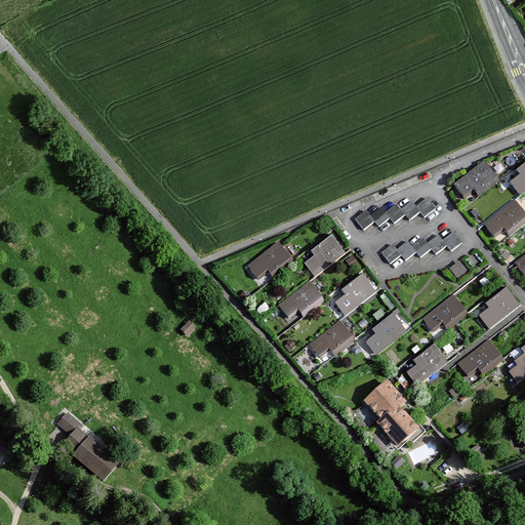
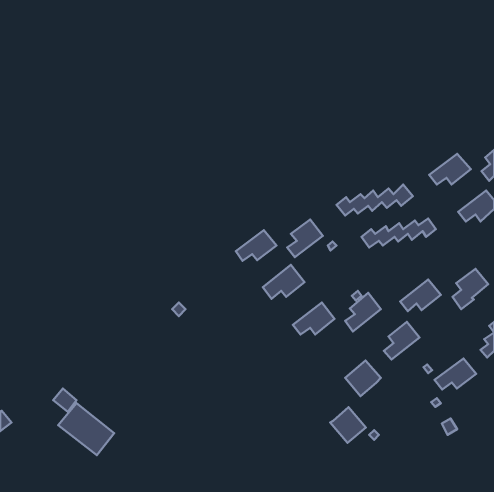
building: [335,272,373,312] -> none
building: [459,341,503,374] -> [435,358,476,389]
building: [379,406,417,444] -> [330,407,366,443]

